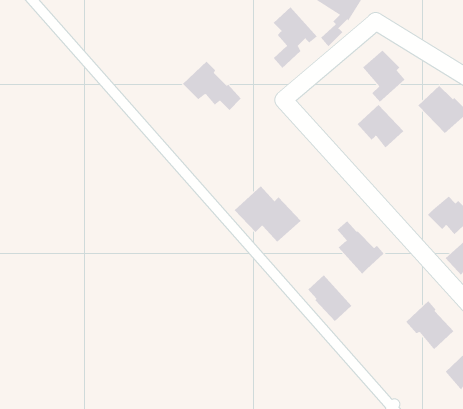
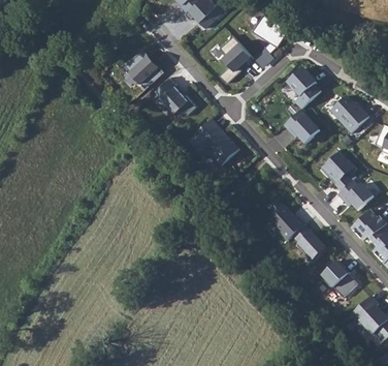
building: none -> [125,49,164,88]
building: none -> [321,149,356,190]
building: [234,186,302,242] -> [188,122,239,165]
building: [308,275,352,322] -> [292,224,326,261]

